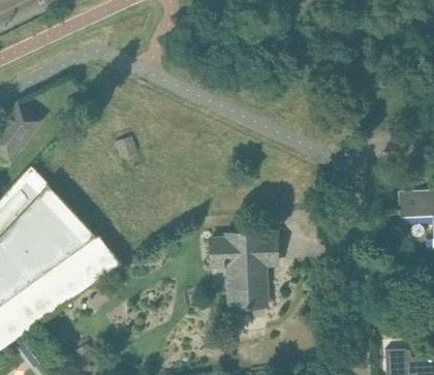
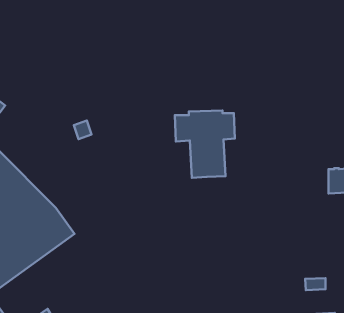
building: [211,235,277,309] -> [175,110,235,178]

